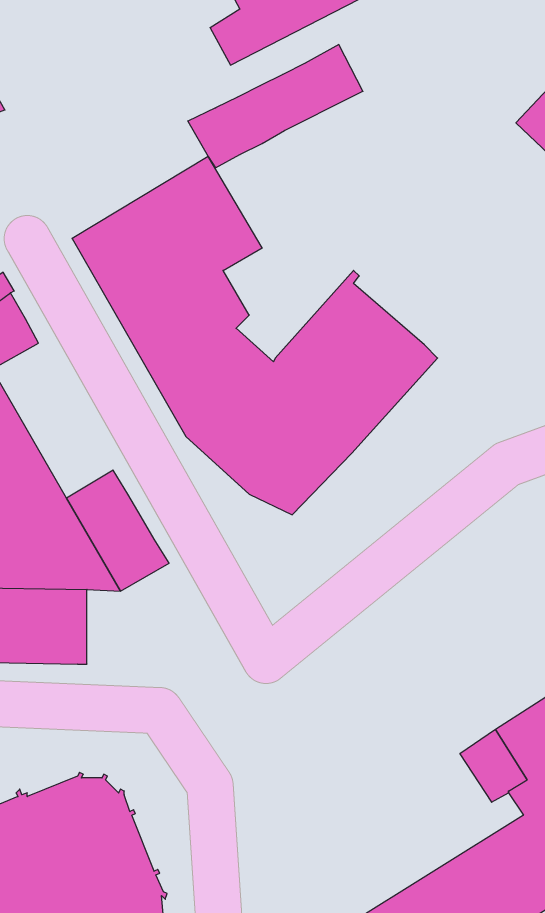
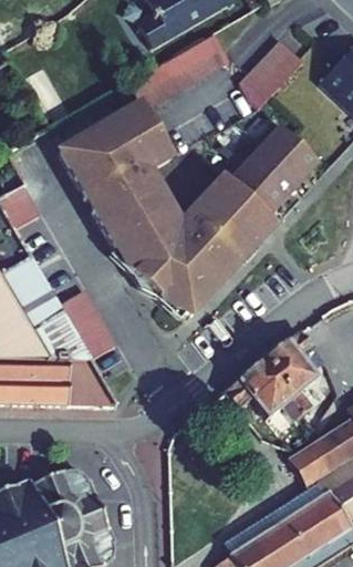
building: none -> [240,39,300,107]
building: none -> [226,120,318,215]
building: none -> [224,331,328,432]
building: none -> [68,360,114,405]

